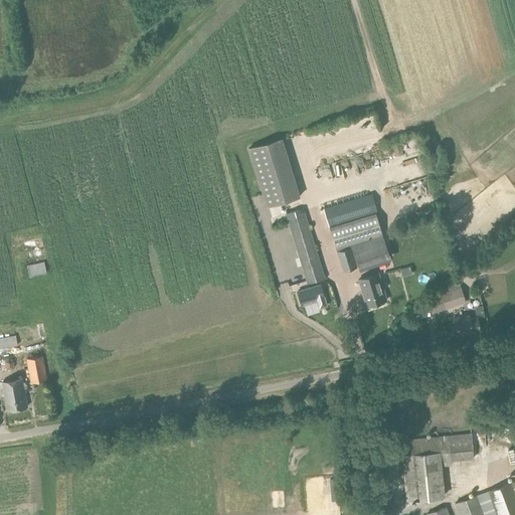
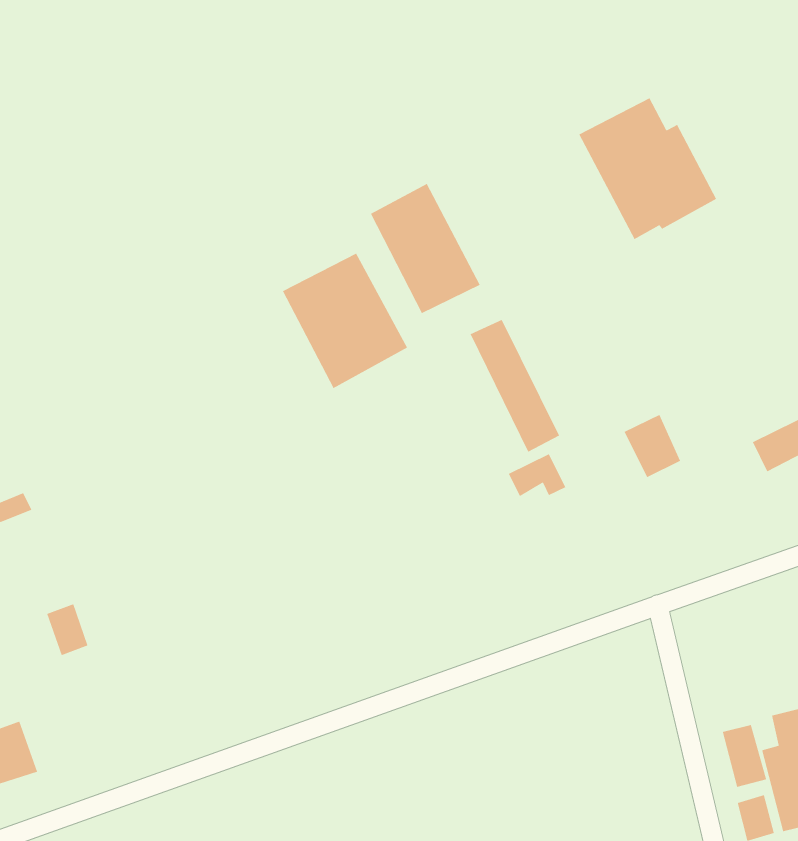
building: none -> [282,252,408,389]
building: [325,198,391,271] -> [578,97,717,240]
building: [29,358,48,384] -> [46,603,89,656]
building: none -> [722,724,767,788]

